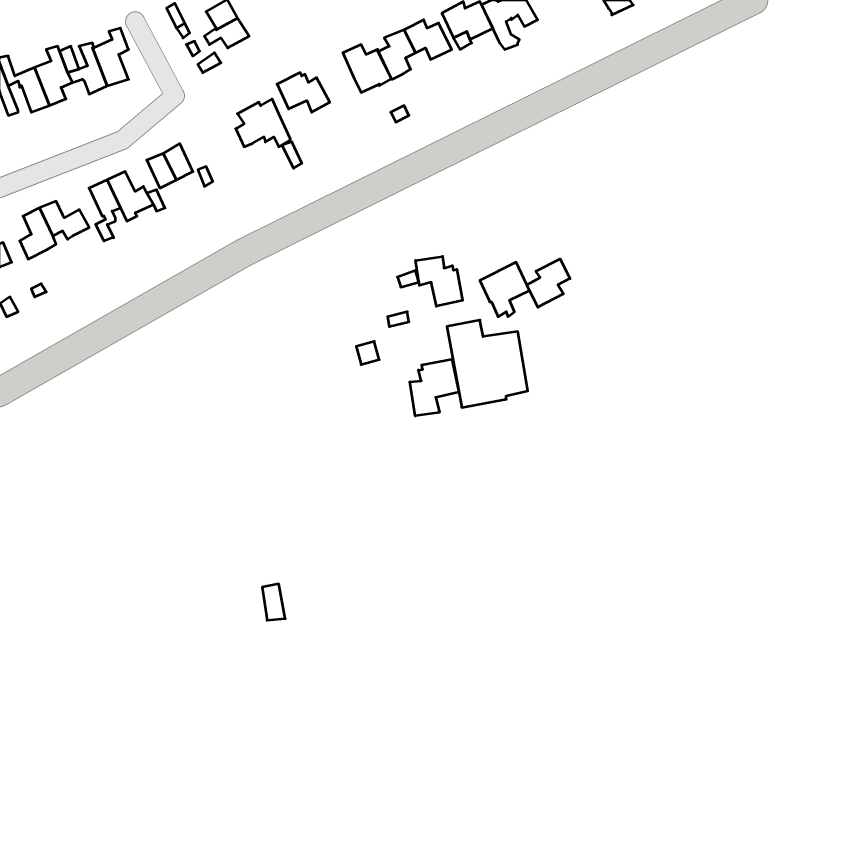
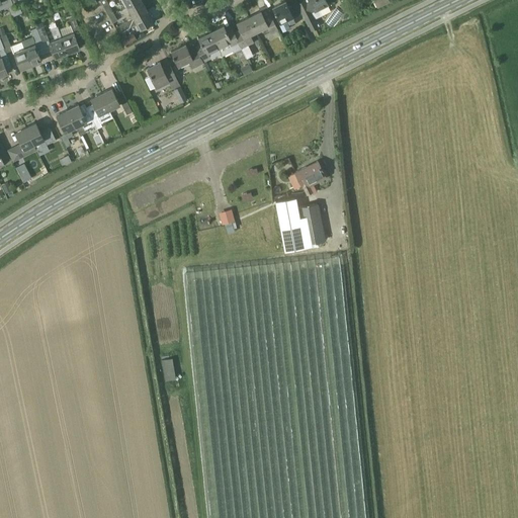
building: none -> [193,32,218,63]
building: [416,256,463,306] -> none
building: [527,259,570,307] -> none
building: [410,359,459,416] -> none

